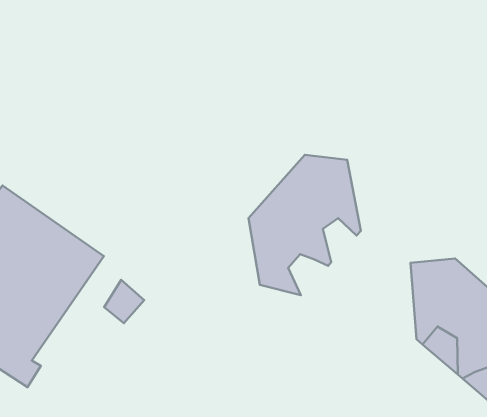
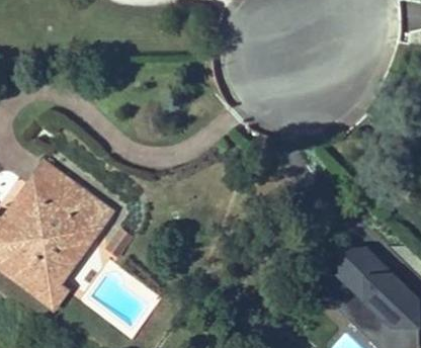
building: [249,155,361,295] -> none

